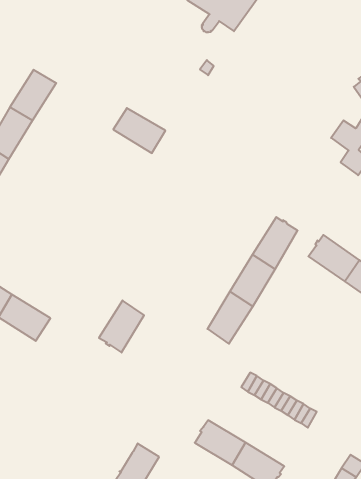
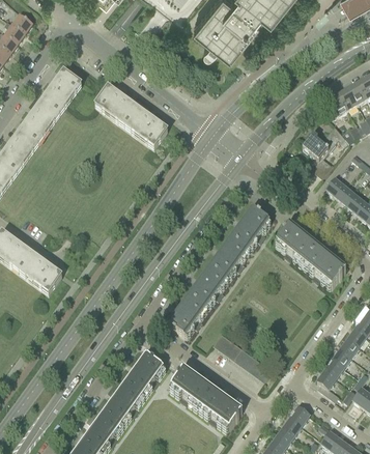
building: none -> [95,86,137,124]
building: [99,300,144,353] -> [167,293,205,336]
building: none -> [124,352,163,395]

